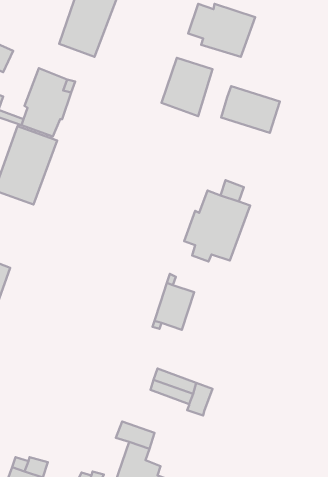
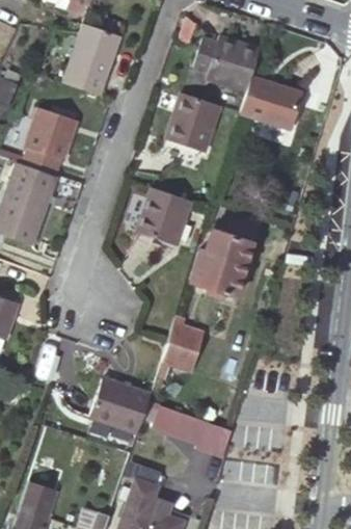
building: [221,86,280,133] -> [243,80,303,128]
building: none -> [140,186,191,243]
building: none -> [89,379,150,431]

